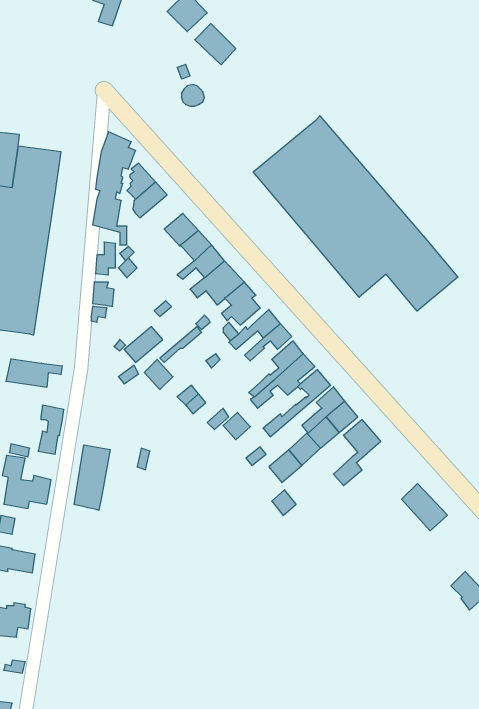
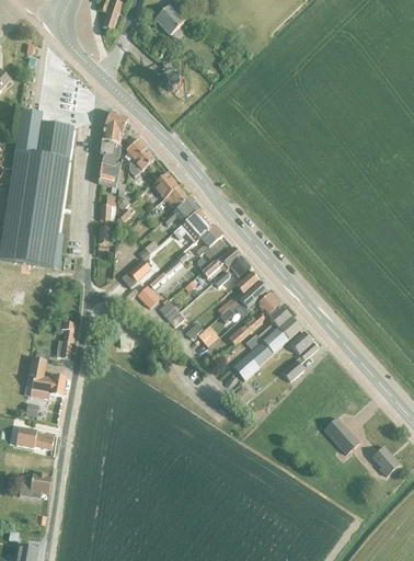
building: [195,24,236,65] -> none
building: [253,116,458,311] -> none
building: [6,359,62,387] -> none
building: [74,445,110,510] -> none
building: [402,484,447,531] -> [324,417,359,454]

